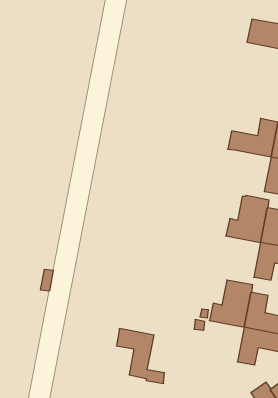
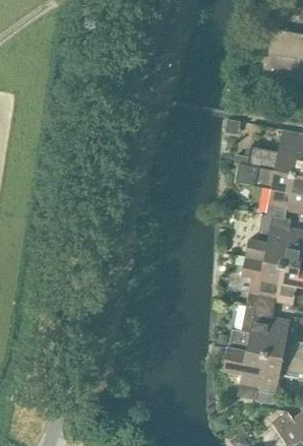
building: none -> [235,165,292,220]
building: none -> [234,256,281,310]
building: [116,329,165,383] -> [224,347,275,405]

